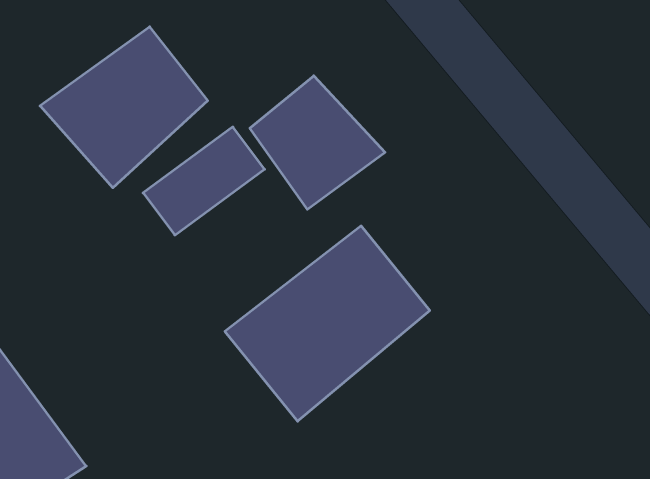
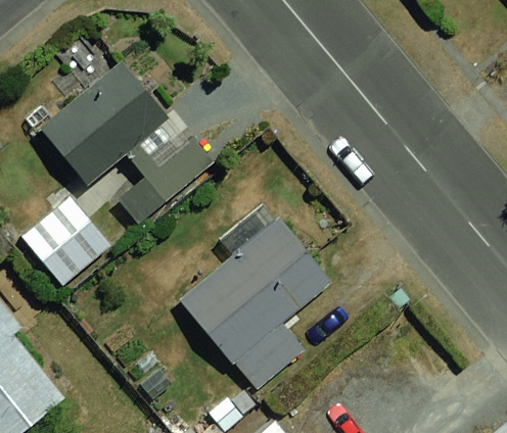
building: [250,76,385,209] -> none
building: none -> [26,206,110,290]

